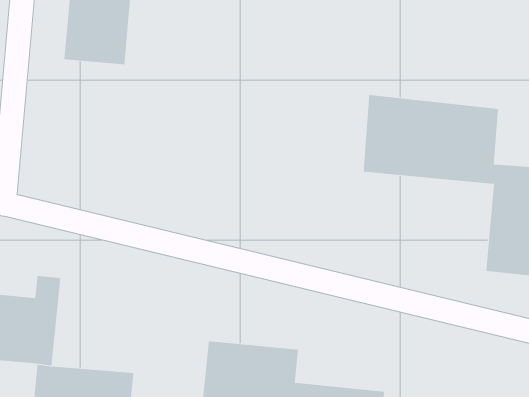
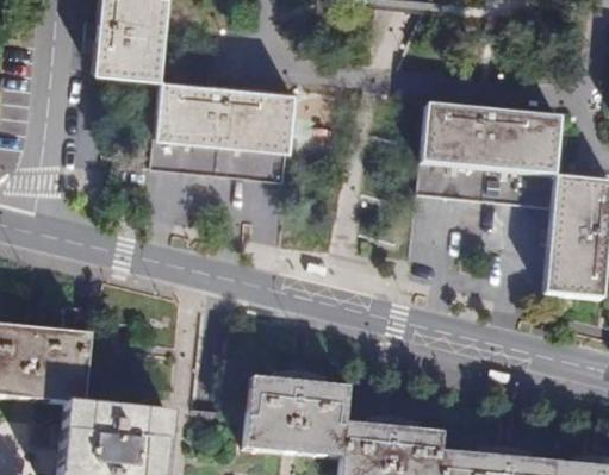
building: none -> [155,76,293,185]

